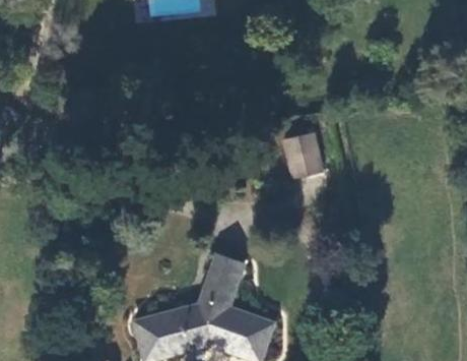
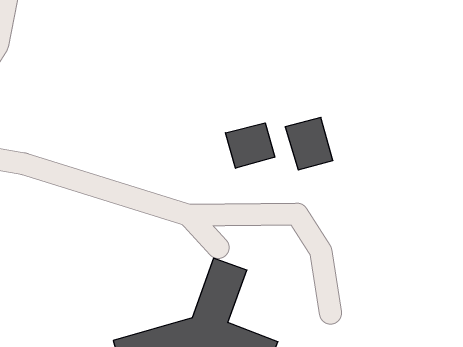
building: none -> [225,123,275,168]

